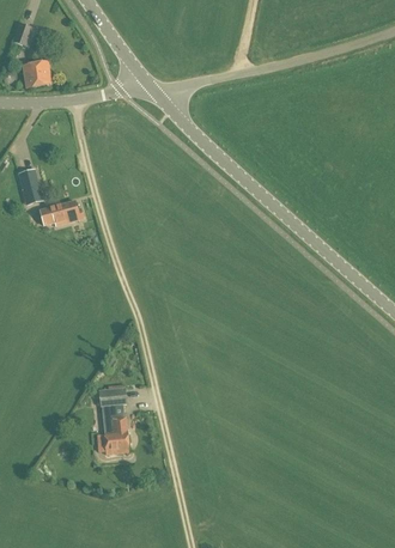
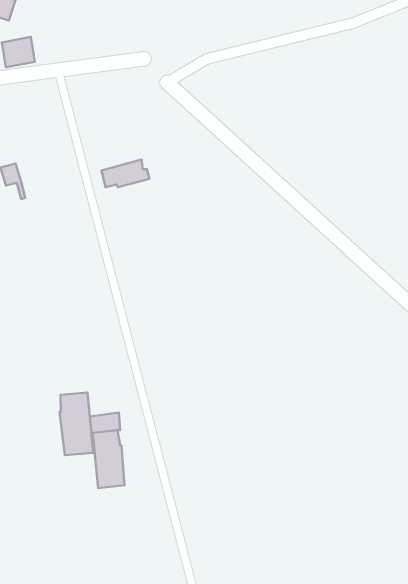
building: [41,201,83,225] -> [101,160,150,187]
building: none -> [59,393,93,455]

